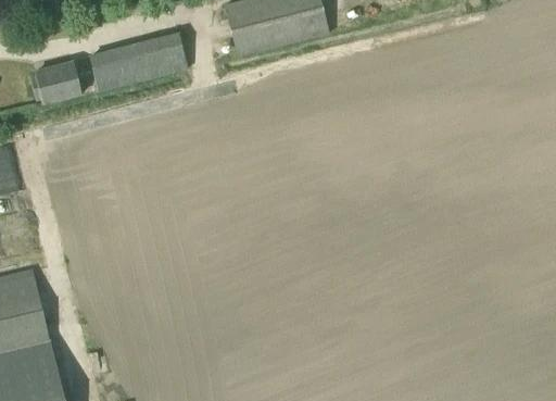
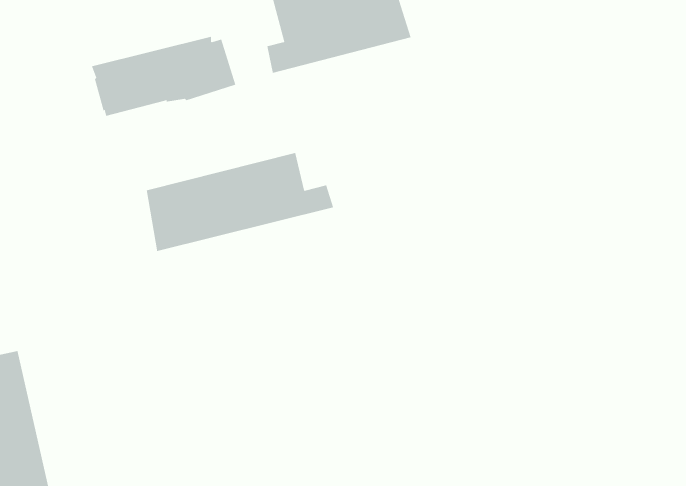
building: [28,62,80,105] -> none
building: none -> [146,152,334,252]

